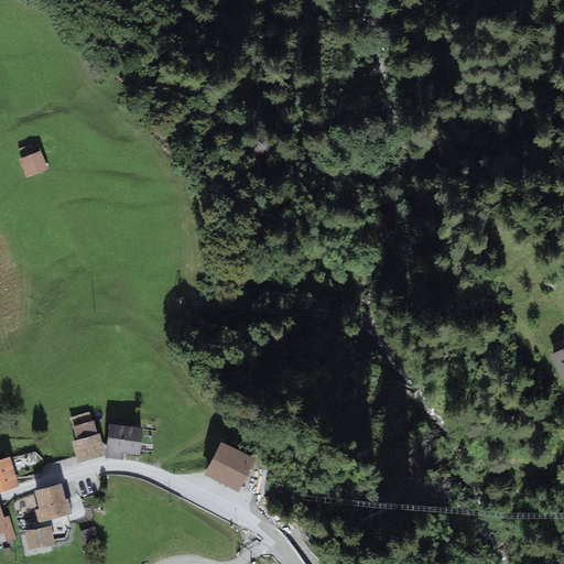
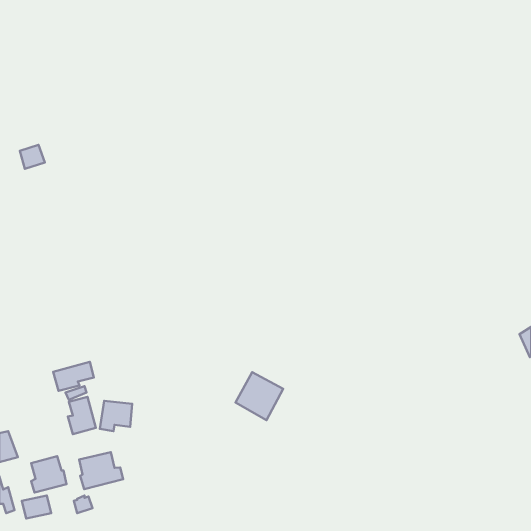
building: none -> [53,362,94,391]
building: [207,441,258,491] -> [235,372,283,420]
building: none -> [79,452,123,489]

